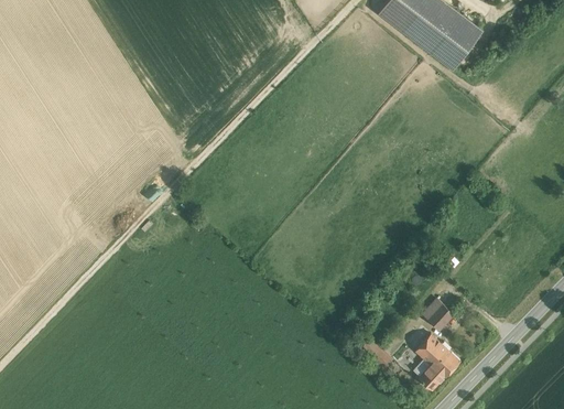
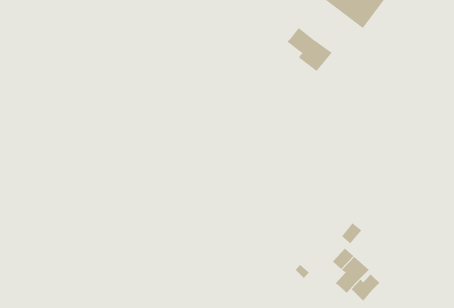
building: none -> [287,27,333,72]
building: none -> [351,273,380,301]

